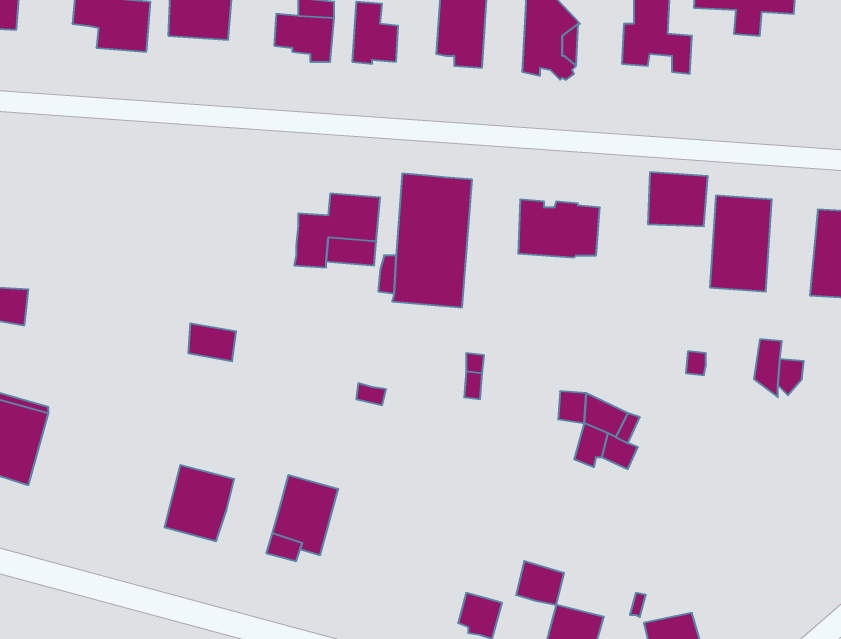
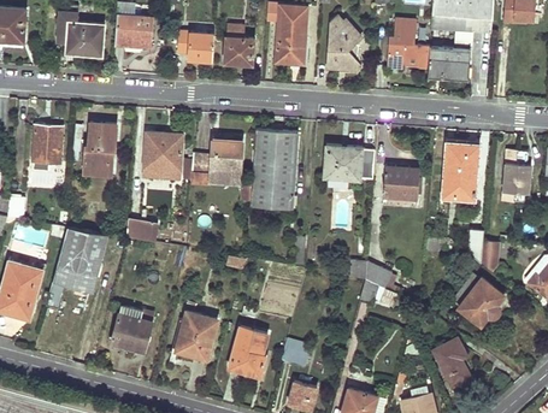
building: none -> [429,47,471,79]
building: none -> [83,122,116,171]
building: none -> [33,124,61,171]
building: [648,172,708,226] -> [383,166,419,199]
building: none -> [143,132,182,171]
building: none -> [46,226,107,309]
building: none -> [453,276,503,325]
building: none -> [229,326,267,376]
building: none -> [434,338,470,387]
building: [516,561,564,605] -> [281,340,310,366]

